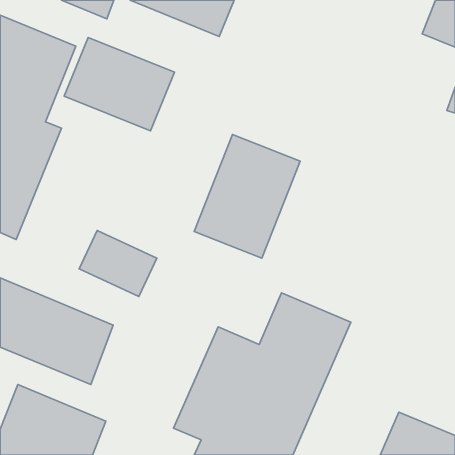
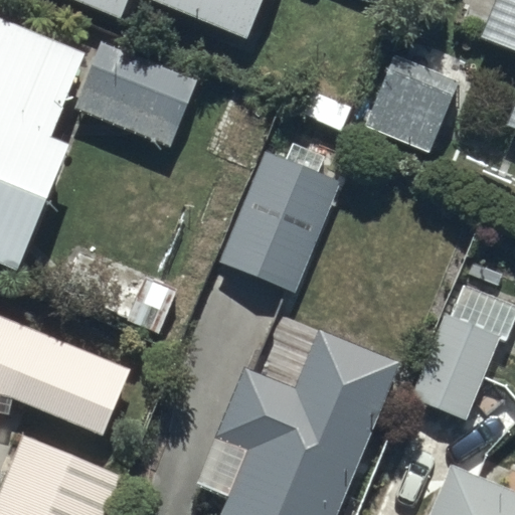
building: none -> [364,53,461,155]
building: none -> [412,315,502,420]

